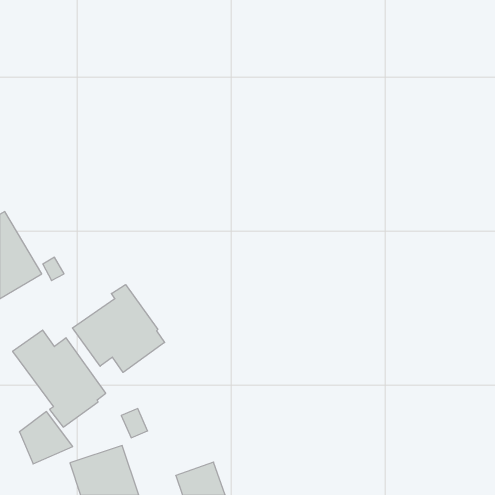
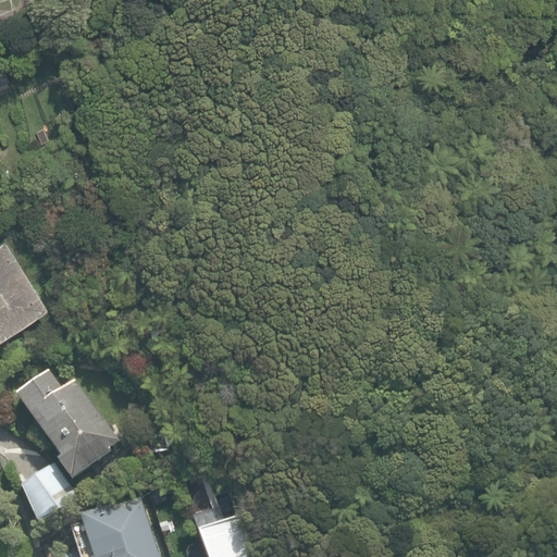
building: [72,285,165,372] -> none

